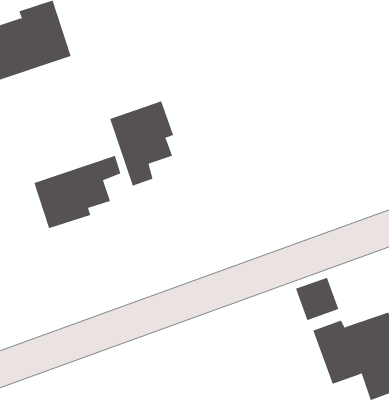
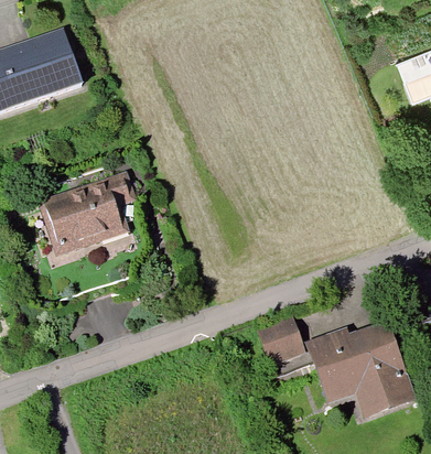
building: [109,100,174,187] -> none
building: [295,277,339,321] -> [261,316,303,358]

